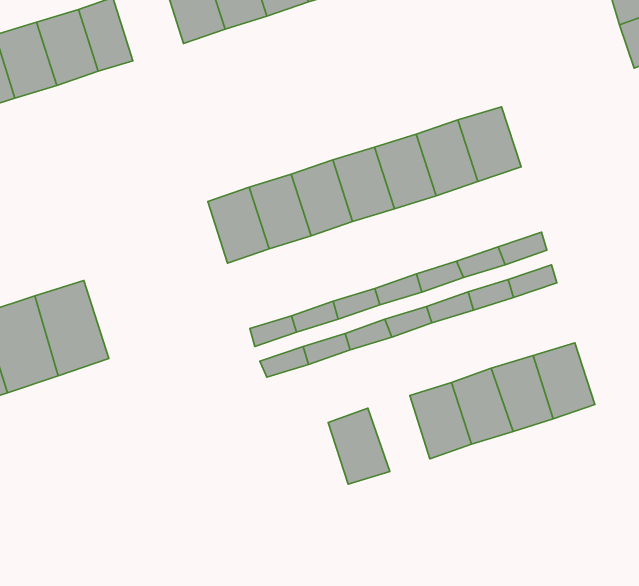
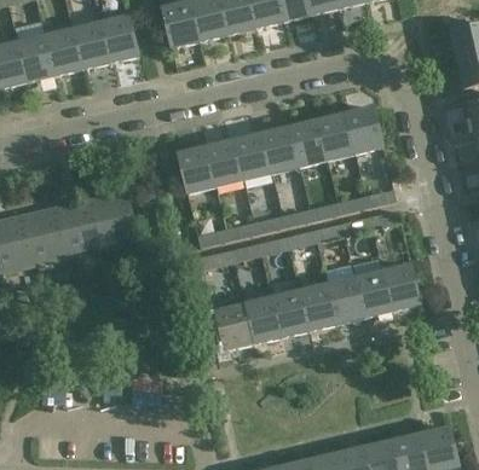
building: none -> [92,188,138,249]
building: none -> [270,289,307,337]
building: none -> [214,302,253,350]

